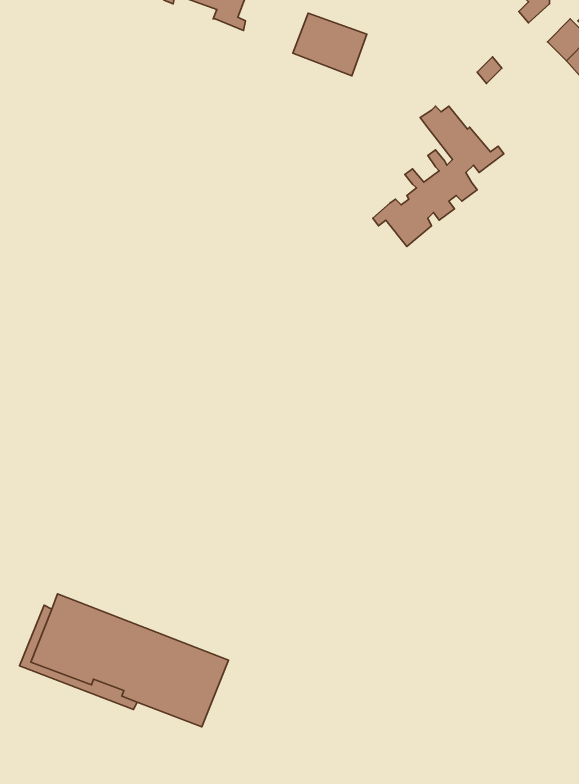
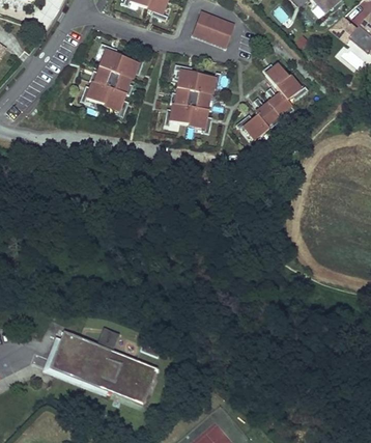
building: none -> [81,44,145,117]
building: none -> [165,63,222,133]

